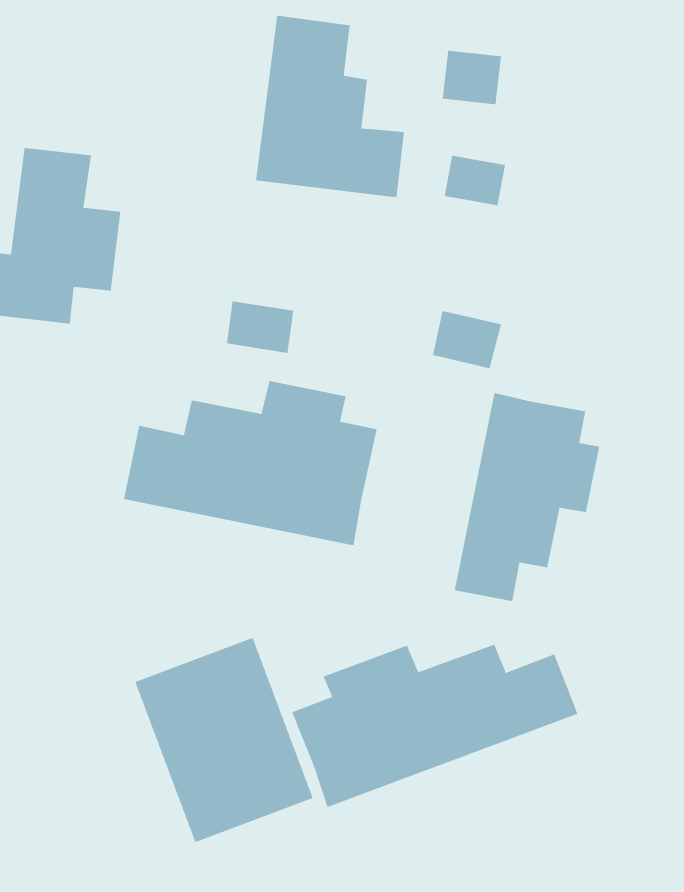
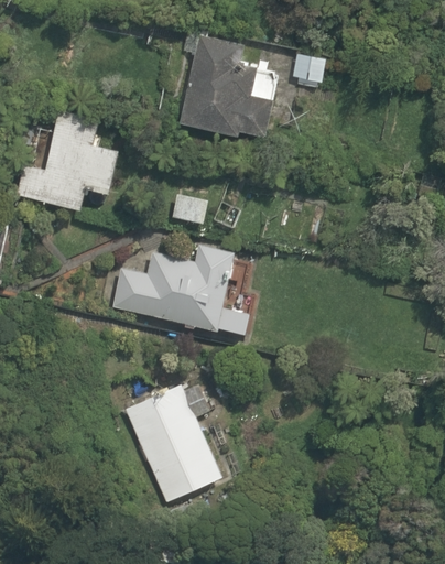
building: [454,392,600,602] -> none
building: [291,644,578,808] -> none

